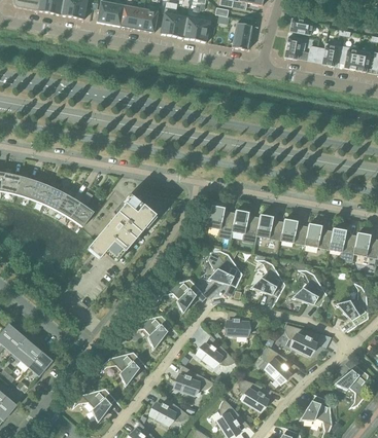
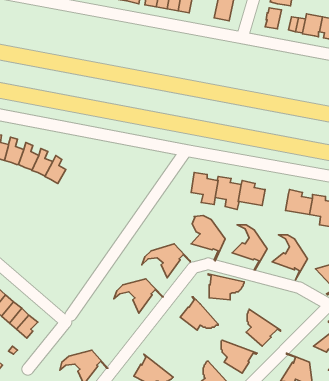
building: [70,190,93,226] -> none
building: [87,192,154,264] -> none
building: [280,219,307,245] -> none
building: [284,324,331,356] -> none
building: [100,352,149,387] -> none
building: [173,364,213,395] -> none

